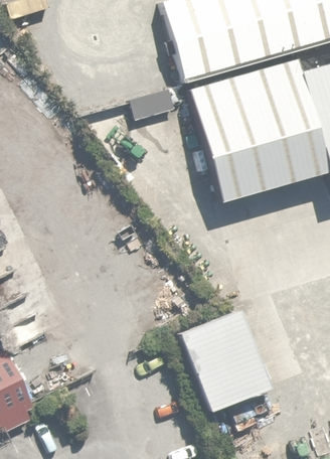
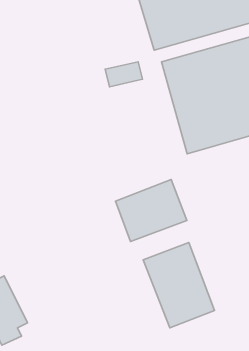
building: none -> [115,180,187,242]

